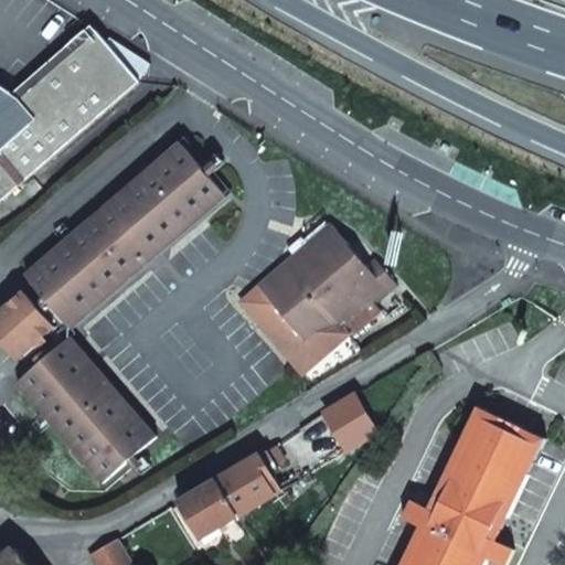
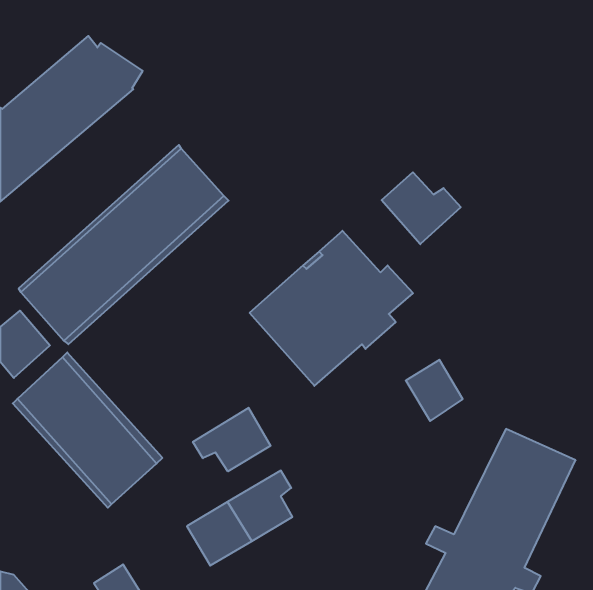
building: none -> [382,172,461,244]
building: none -> [193,408,271,471]
building: [321,397,375,456] -> [406,360,463,421]

